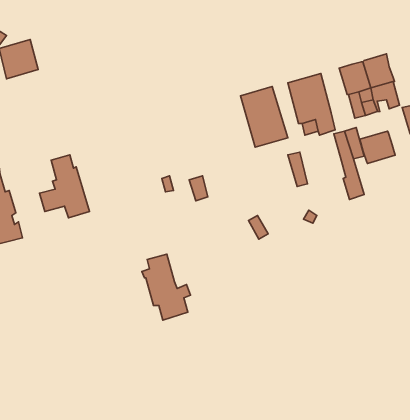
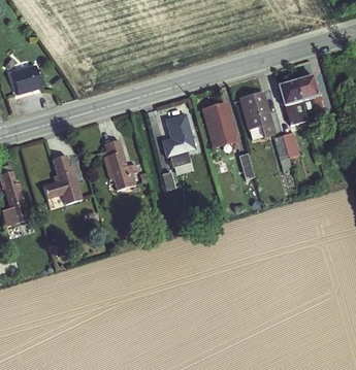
building: none -> [161,112,196,158]
building: [360,131,395,163] -> none
building: [142,254,190,320] -> [100,139,138,191]

